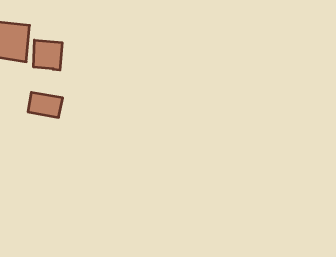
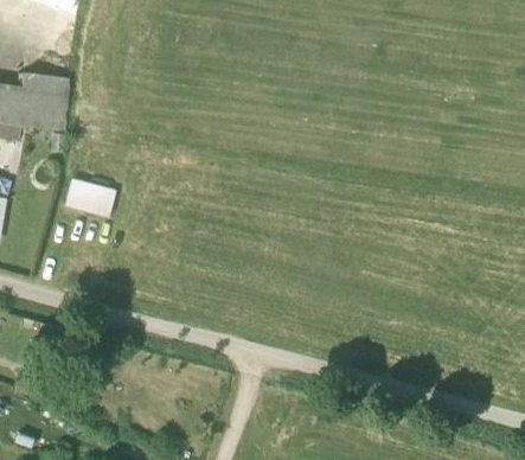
building: [34,40,62,70] -> none

